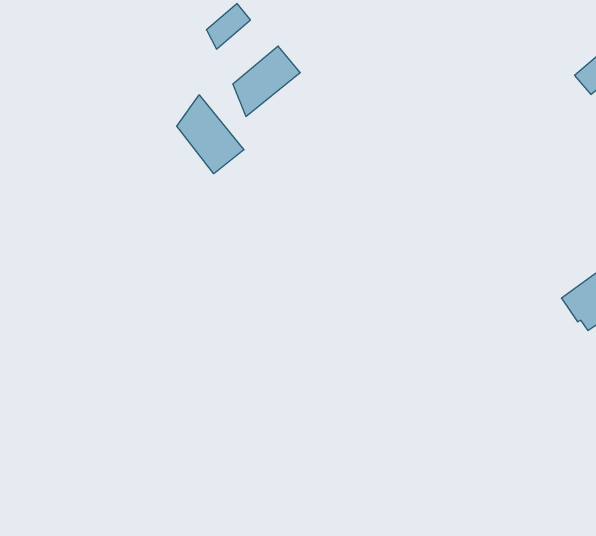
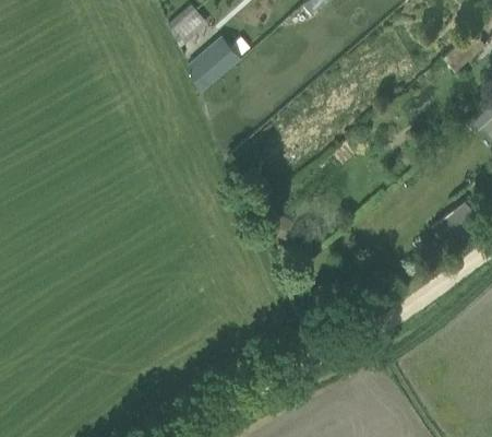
building: [177,95,244,174] -> none

